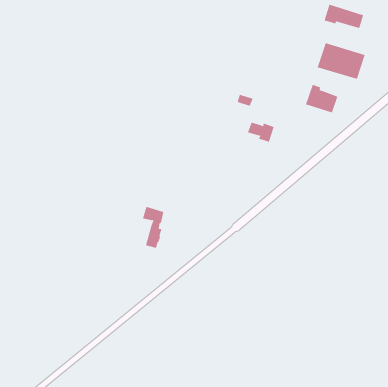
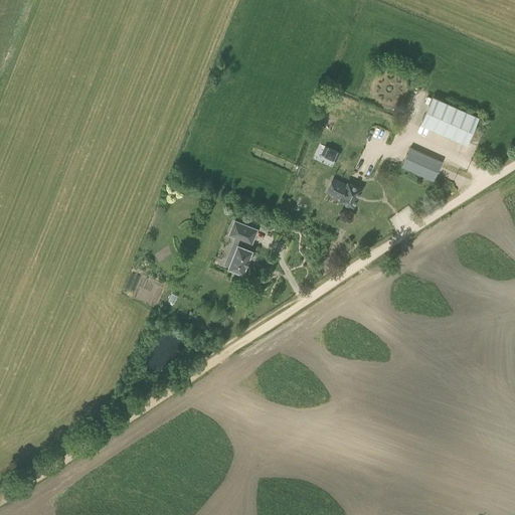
building: [324,4,364,29] -> none
building: [142,206,164,248] -> [229,222,256,274]

